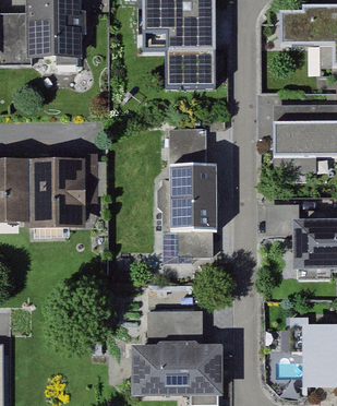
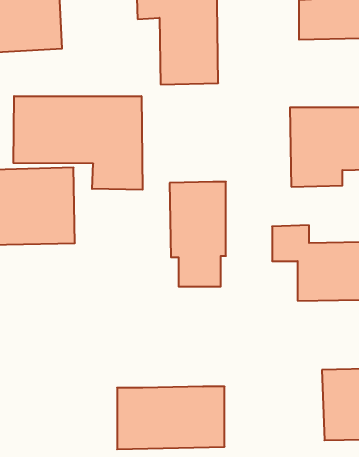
building: none -> [13,96,143,190]
building: [172,129,209,169] -> none
building: [149,308,201,344] -> none

